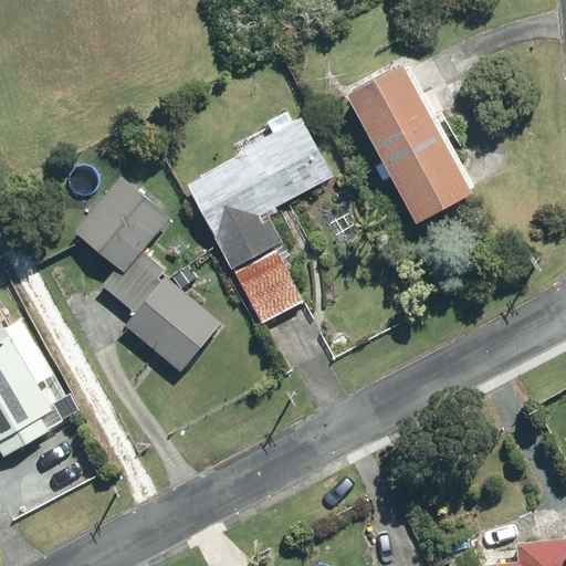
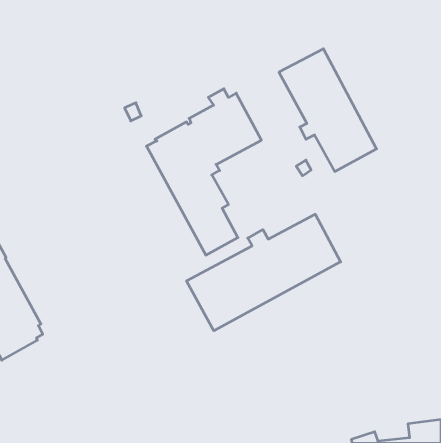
building: [74,178,221,374] -> none
building: none -> [187,214,341,331]

